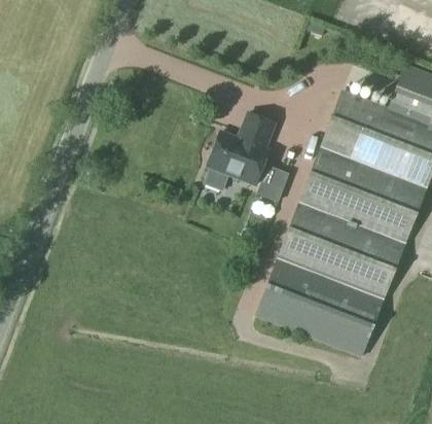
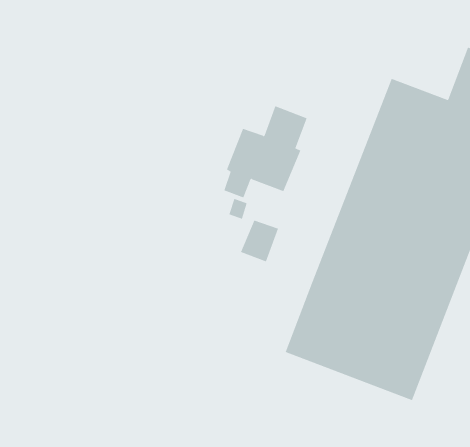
building: [256,166,288,201] -> [240,220,279,262]

